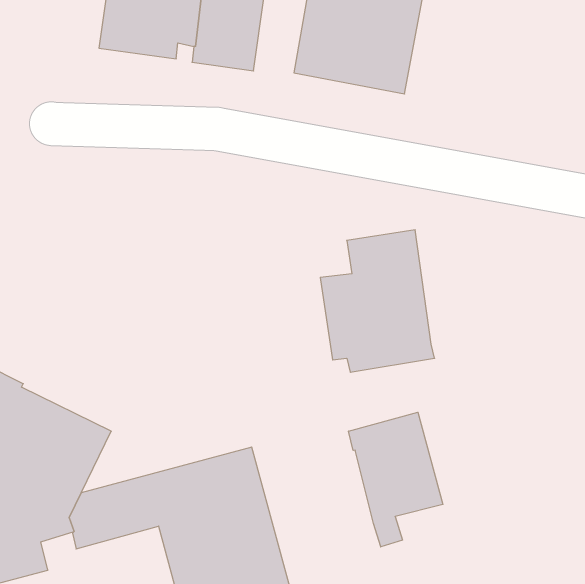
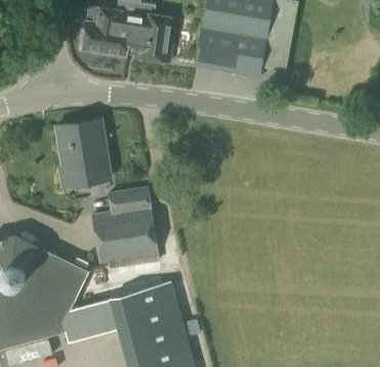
building: none -> [56,120,111,188]
building: [320,230,435,372] -> [92,186,159,269]
building: [349,412,443,547] -> none

